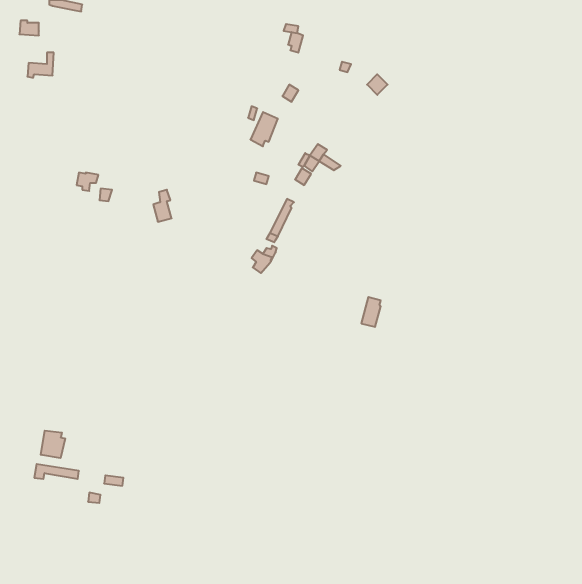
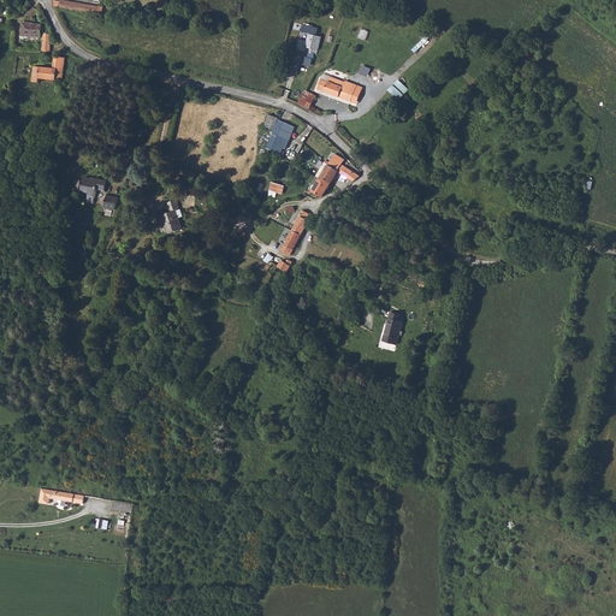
building: none -> [314,75,356,101]
building: [41,431,65,458] -> none

